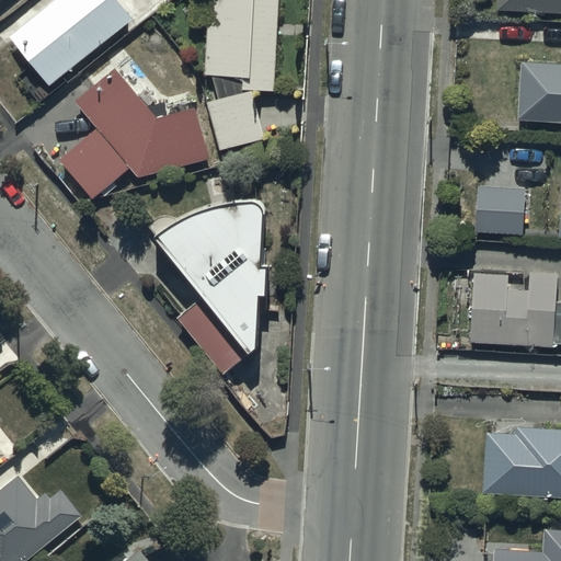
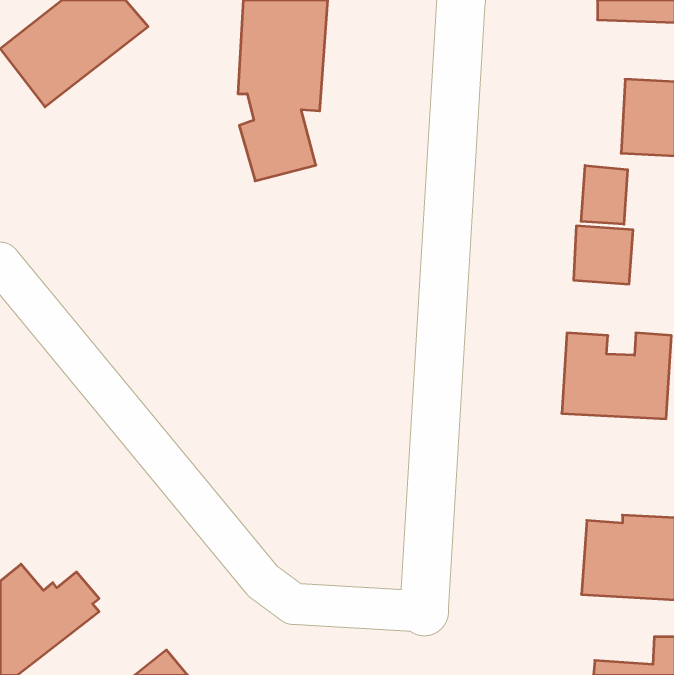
building: [61,70,213,197] -> none
building: none -> [581,165,628,224]
building: [156,198,266,369] -> none

